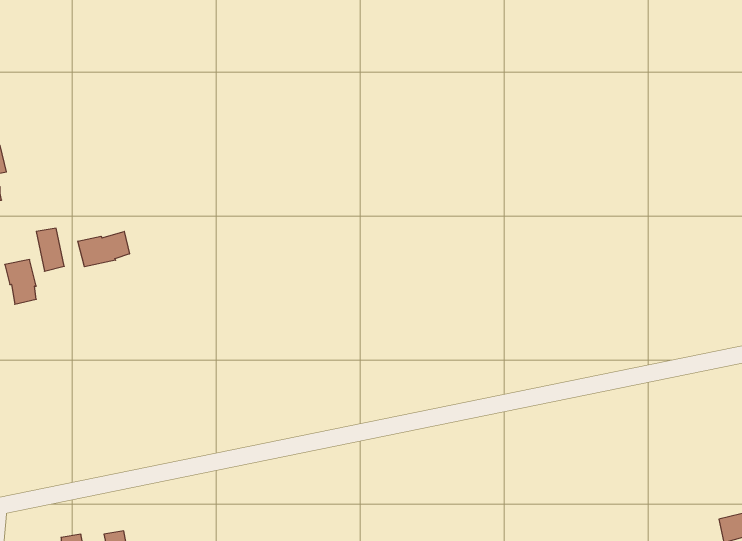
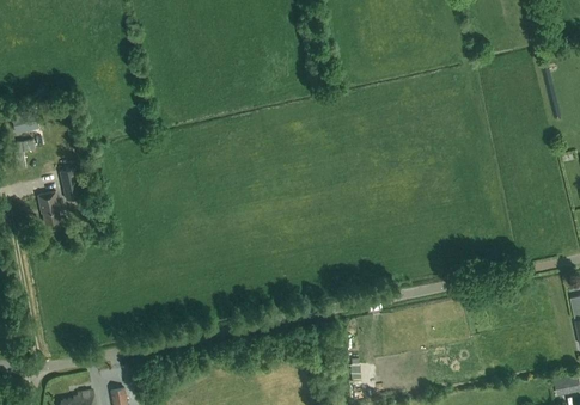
building: [78,231,129,267] -> none

